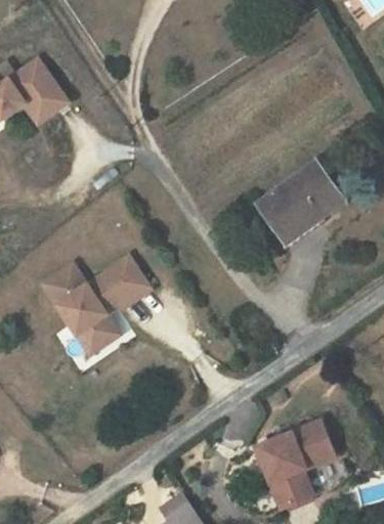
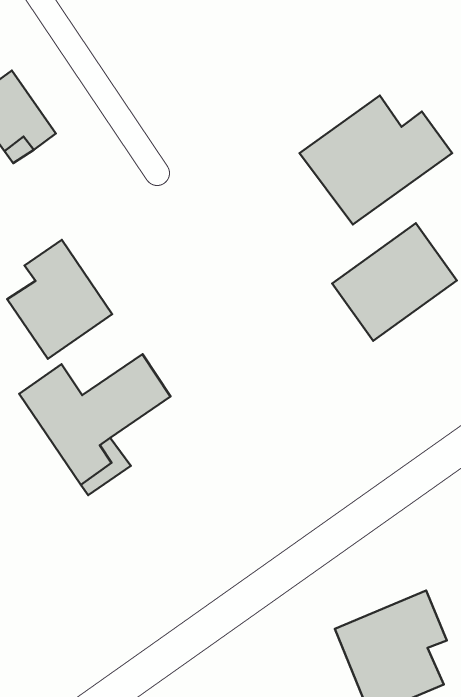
building: none -> [300,95,452,225]
building: none -> [7,240,112,359]

